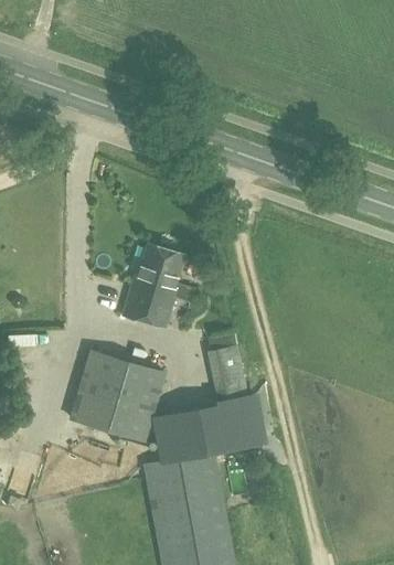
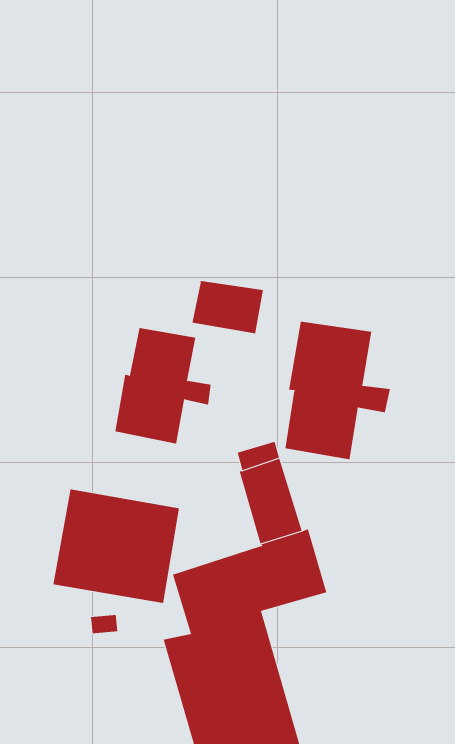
building: none -> [192,280,263,334]
building: none -> [285,321,390,460]

